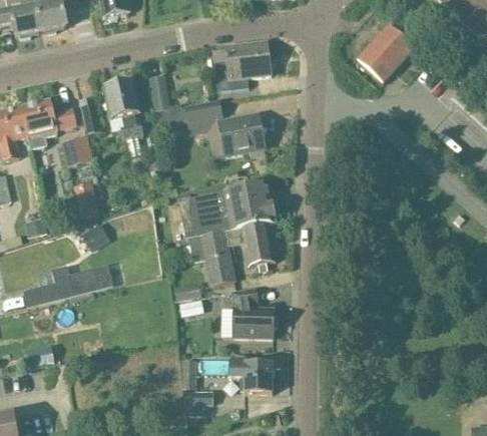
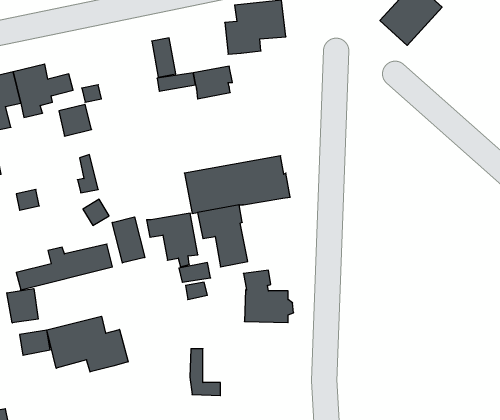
building: [104,81,142,138] -> none
building: [218,112,265,155] -> none
building: [227,223,275,272] -> [147,213,198,267]
building: none -> [112,217,145,263]
building: none -> [7,289,38,323]
building: none -> [47,316,128,372]
building: [230,360,272,393] -> none

